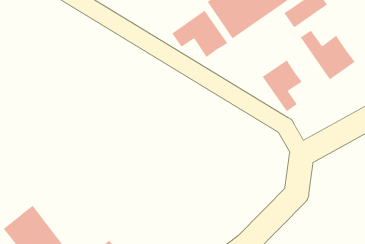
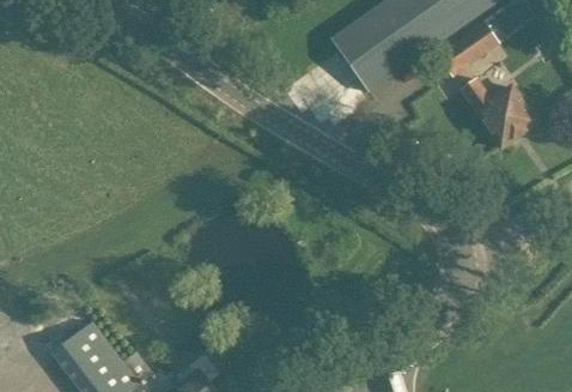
building: [171,10,228,58] -> none
building: [262,59,302,112] -> none

